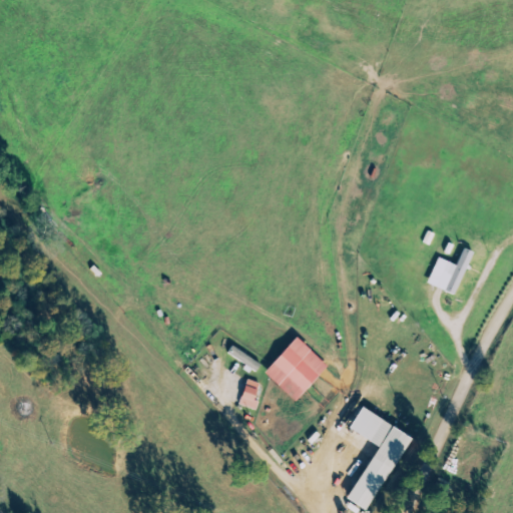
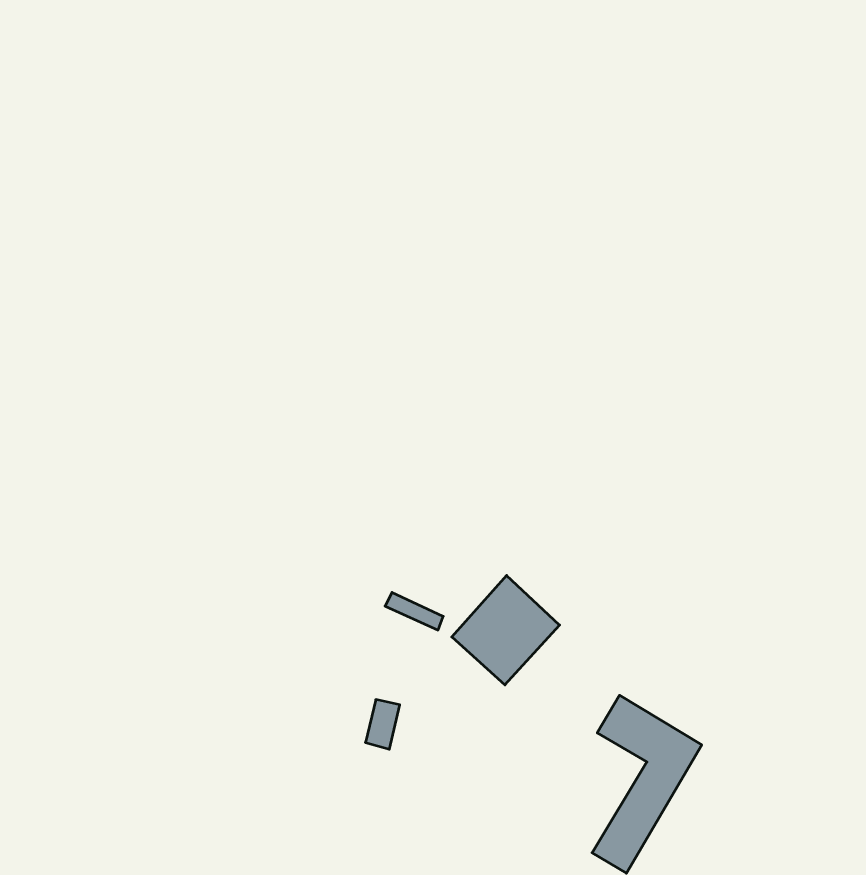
building: [427,247,473,295] -> none
building: [239,380,260,409] -> [365,700,400,749]

